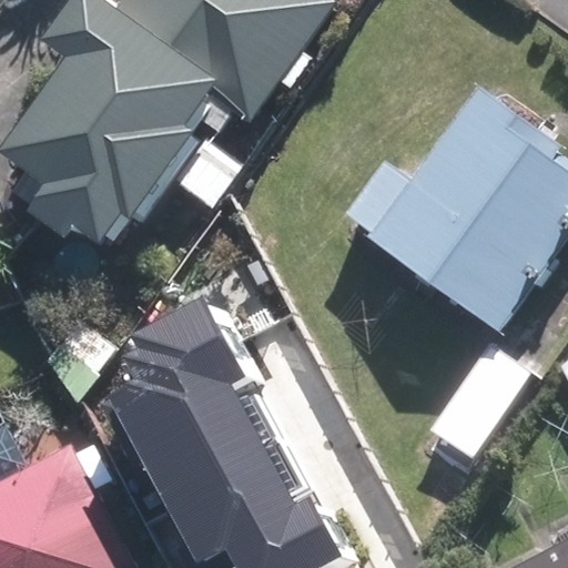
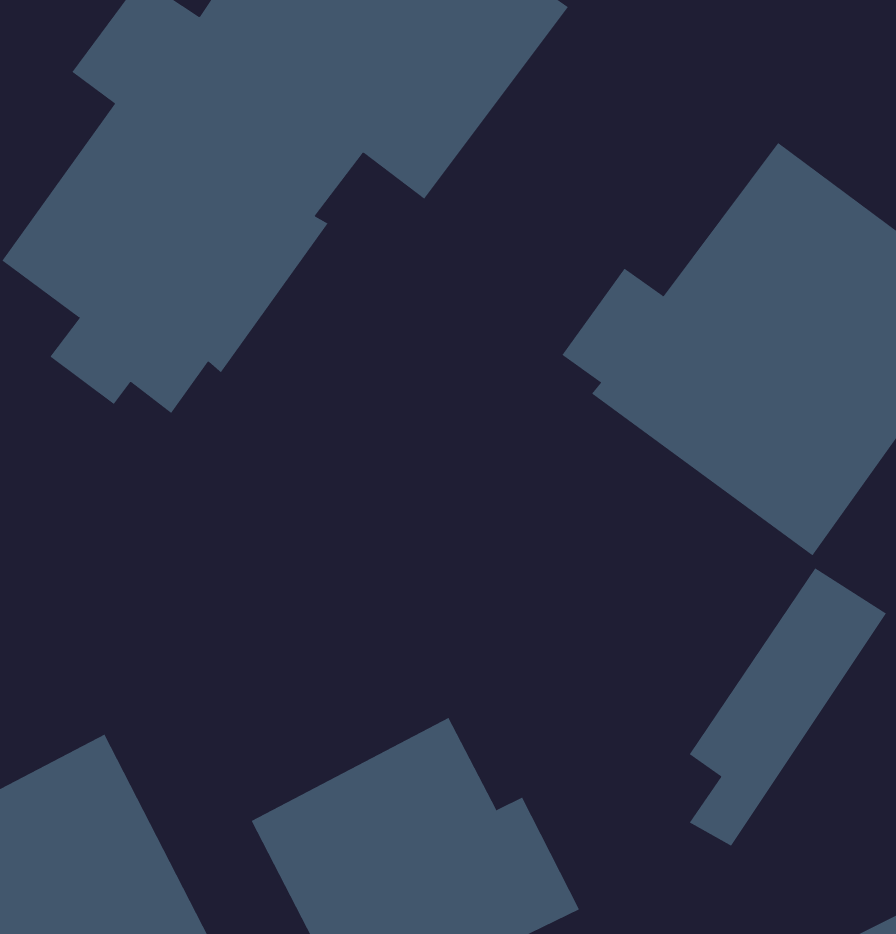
building: [103,295,272,494] -> none

